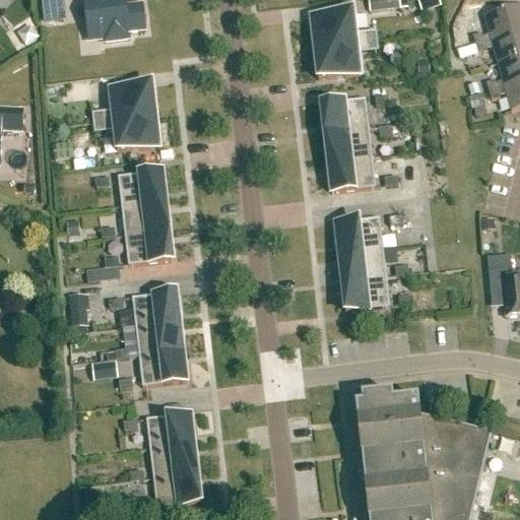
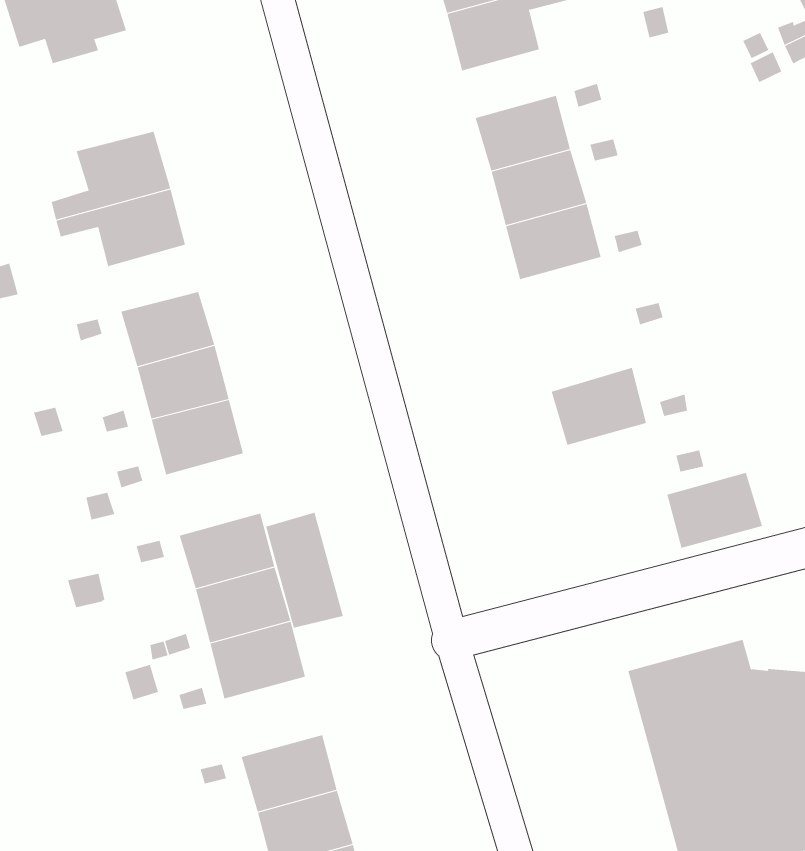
building: [334,214,382,250] -> none
building: [341,274,389,309] -> [667,472,763,549]
building: none -> [265,512,344,629]

